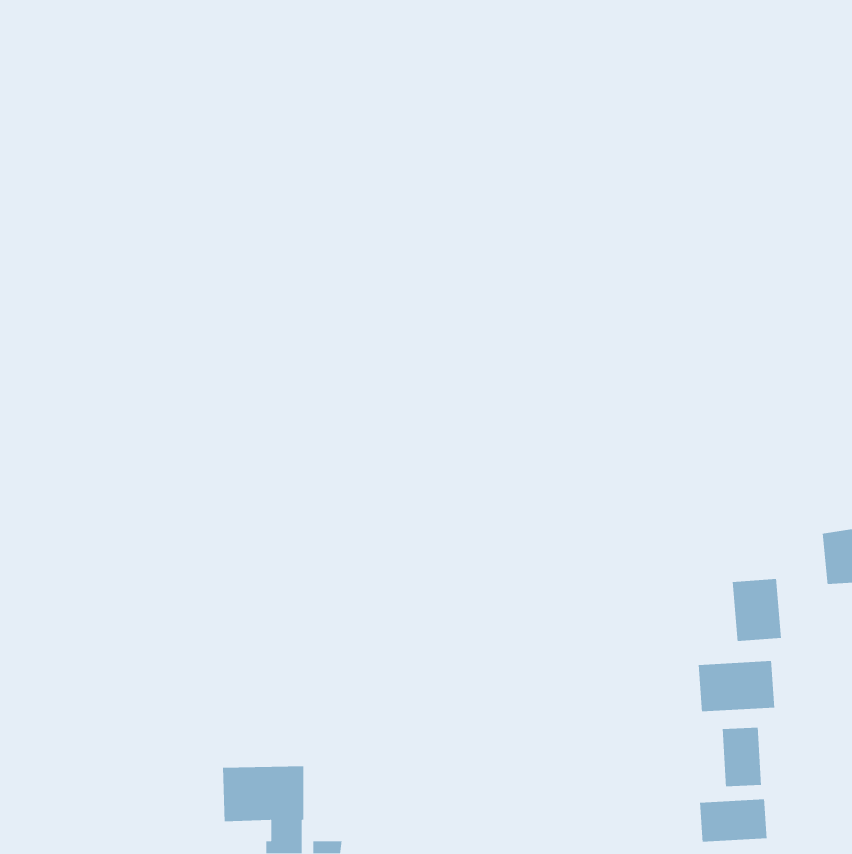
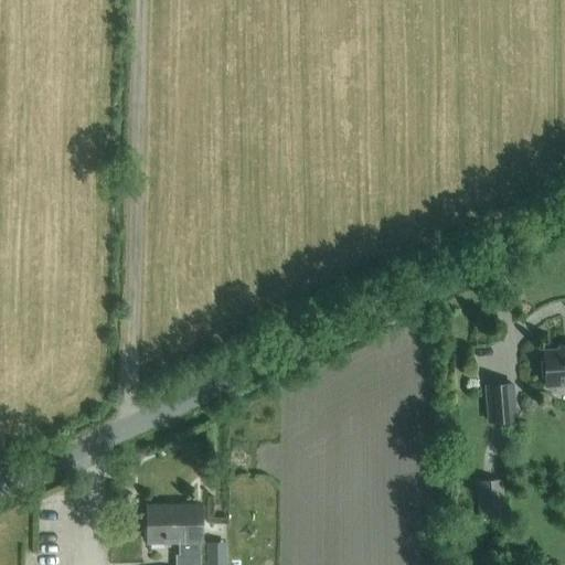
building: [698,660,775,712] -> none
building: [699,798,768,842] -> none

